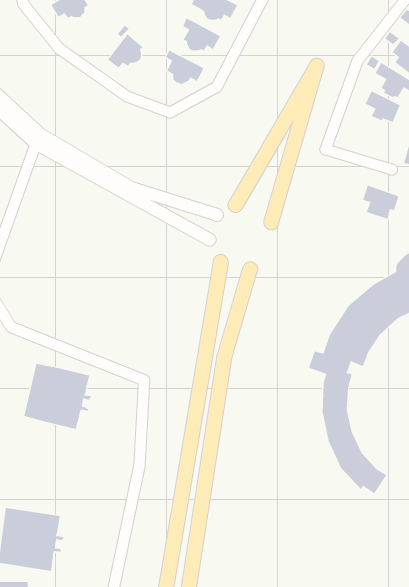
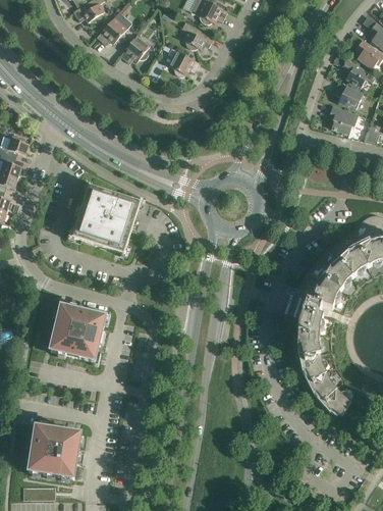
building: none -> [96,10,131,44]
building: [362,185,399,219] -> [327,105,358,134]
building: none -> [72,185,140,252]

